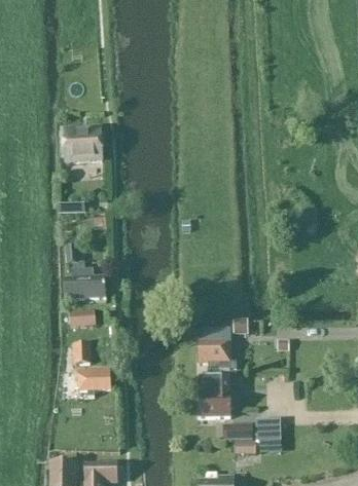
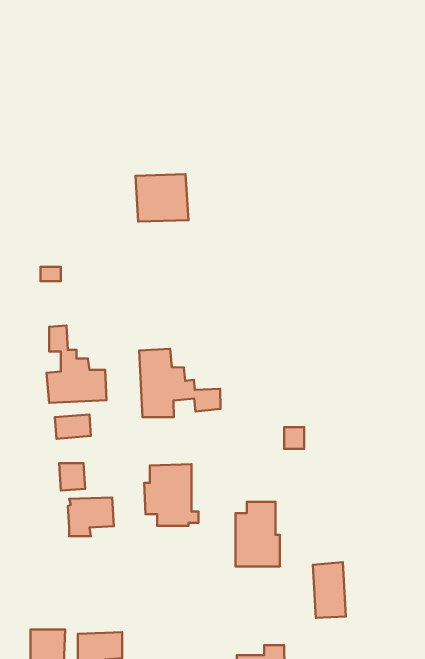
building: [64,126,102,160] -> [135,174,188,222]
building: none -> [139,349,220,417]
building: [198,326,237,370] -> [144,464,199,526]
building: [223,422,253,451] -> none

